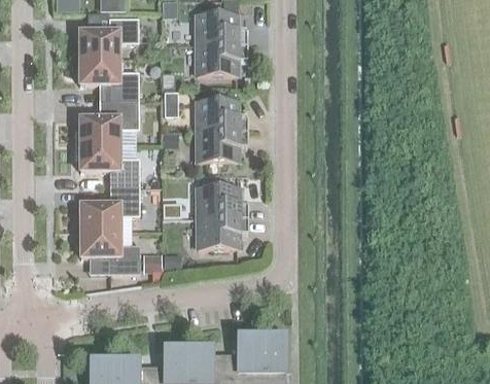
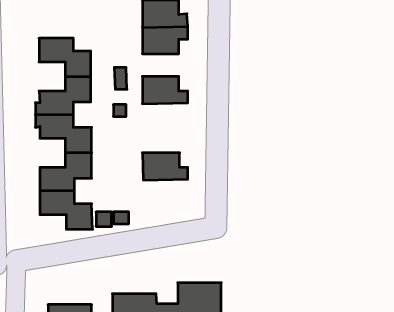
building: [79,16,138,56] -> none
building: [197,129,248,160] -> none
building: [198,215,248,246] -> none

